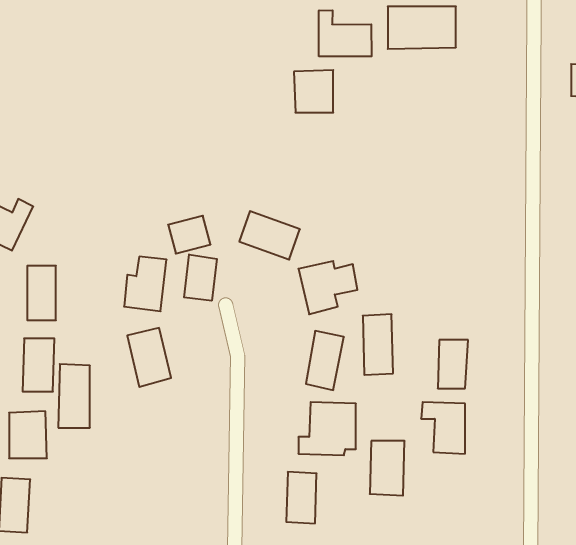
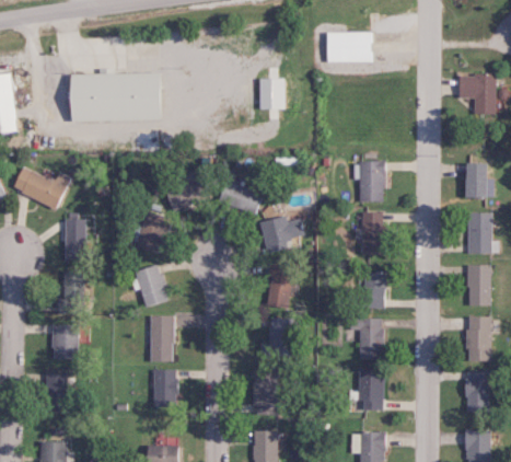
building: [319,10,372,56] -> none
building: none -> [67,72,162,122]
building: none -> [360,160,385,201]
building: [184,254,217,301] -> none
building: [363,314,393,375] -> [362,211,384,255]
building: [58,364,90,428] -> [151,315,174,361]
building: [370,441,405,496] -> [359,370,384,409]
building: none -> [153,370,176,405]

